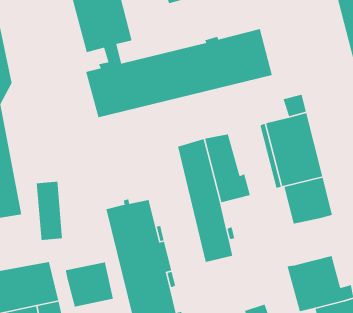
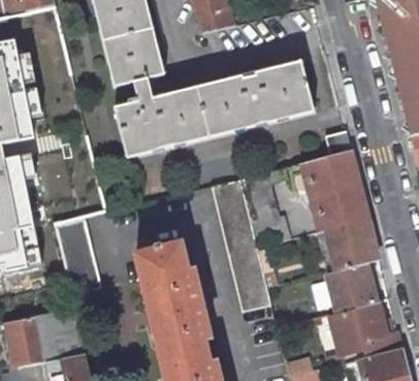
building: none -> [326,263,377,313]
building: [65,261,114,307] -> none

